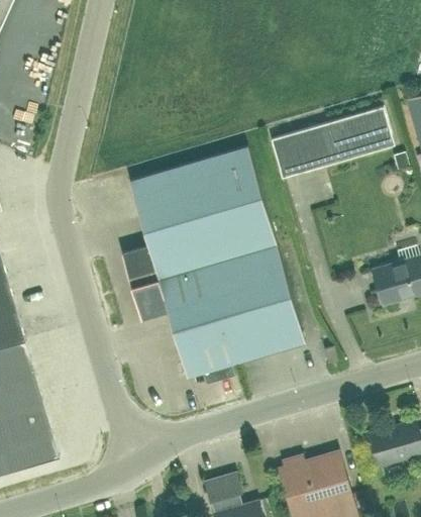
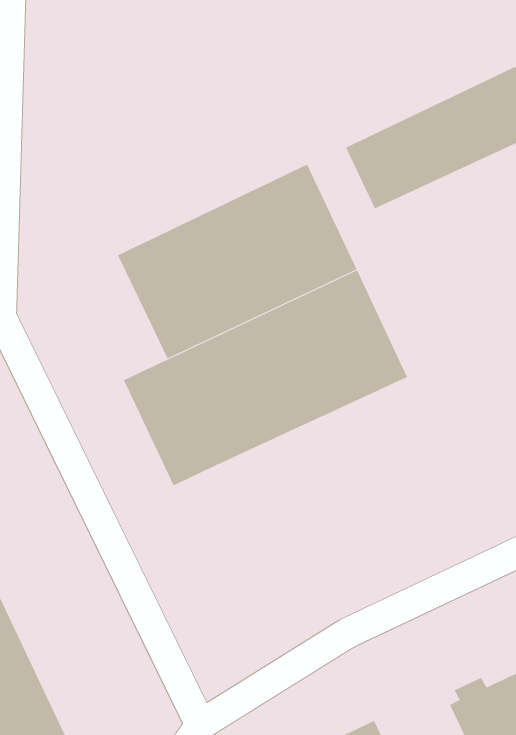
building: [168,279,305,378] -> none

